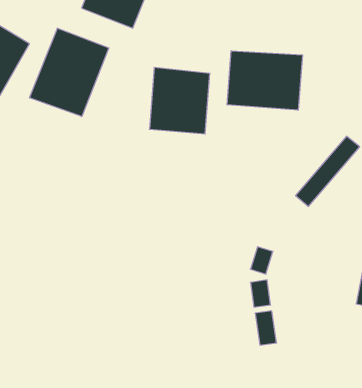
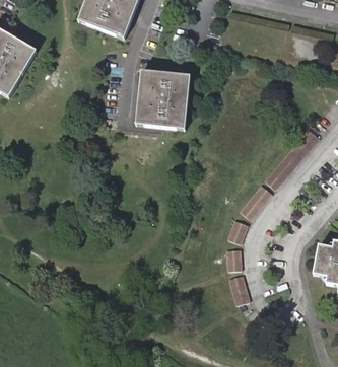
building: [30,28,109,117] -> none
building: [227,51,303,110] -> none
building: none -> [235,187,268,223]

